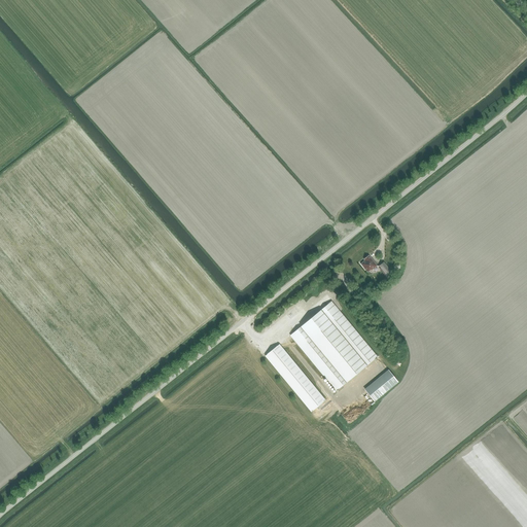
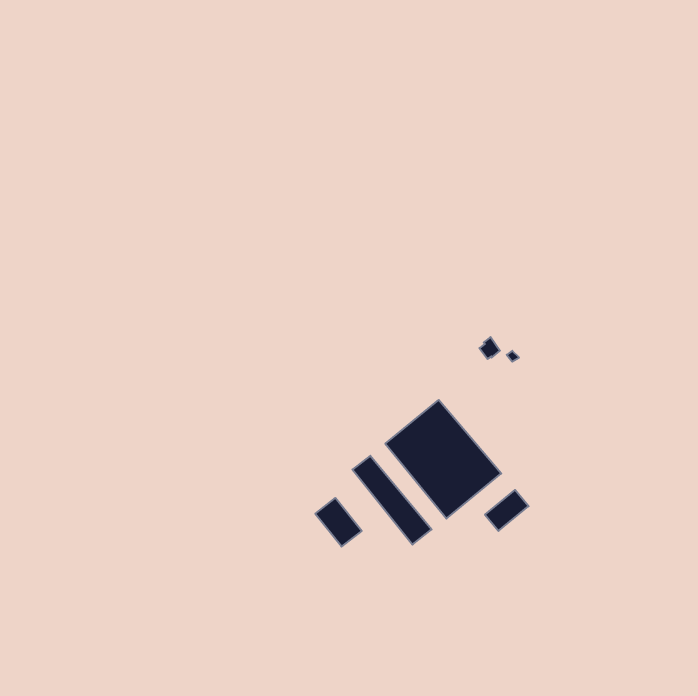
building: none -> [315,498,362,547]

